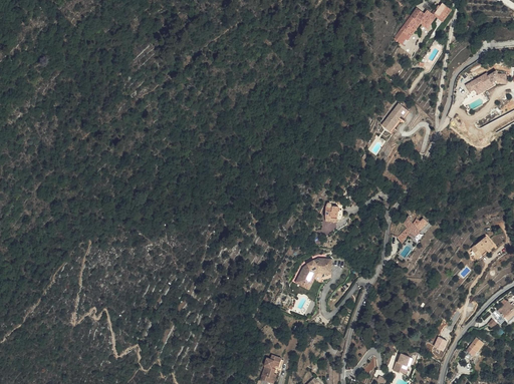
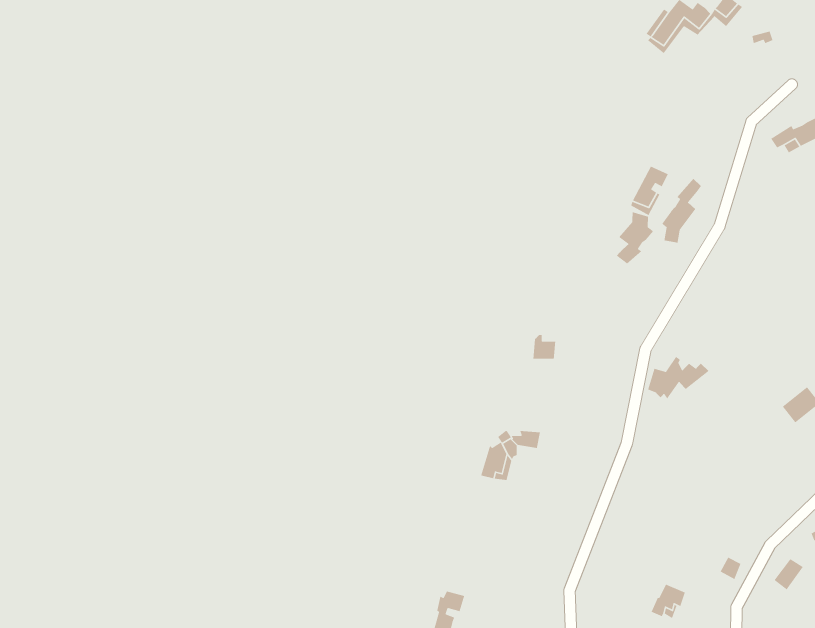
building: none -> [661,178,702,243]
building: none -> [616,211,654,264]

